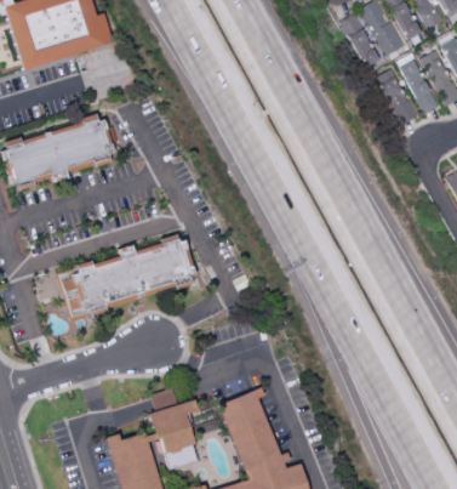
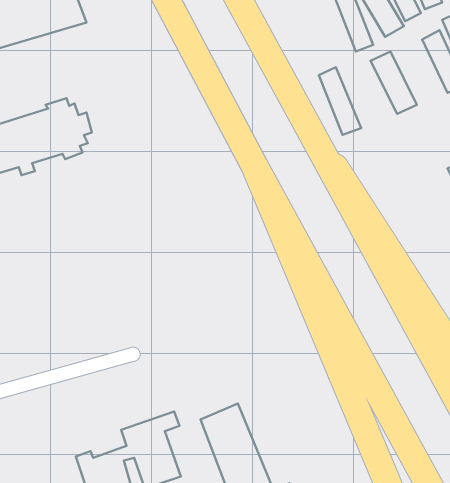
building: [399,52,438,114] -> [319,67,361,135]
building: [59,237,195,319] -> none

